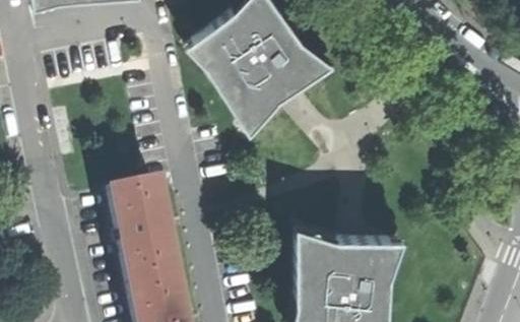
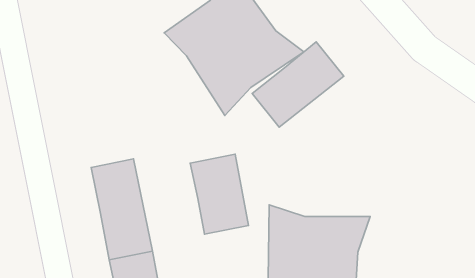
building: none -> [252,42,344,127]
building: none -> [190,154,249,234]

